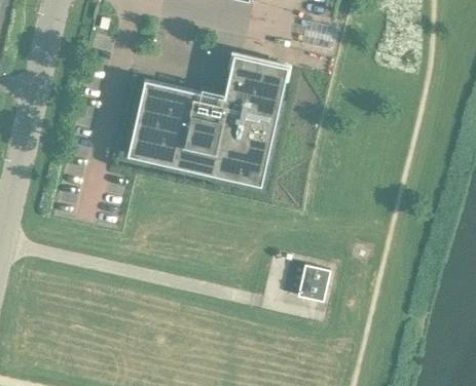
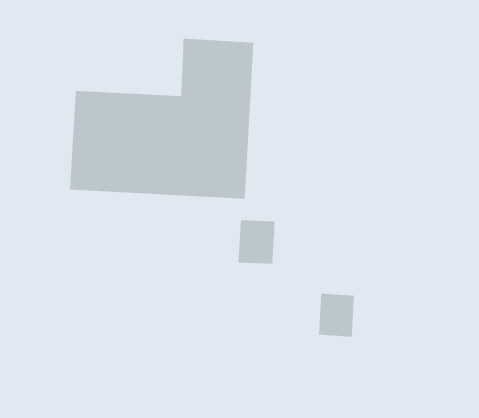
building: none -> [238,219,276,265]

